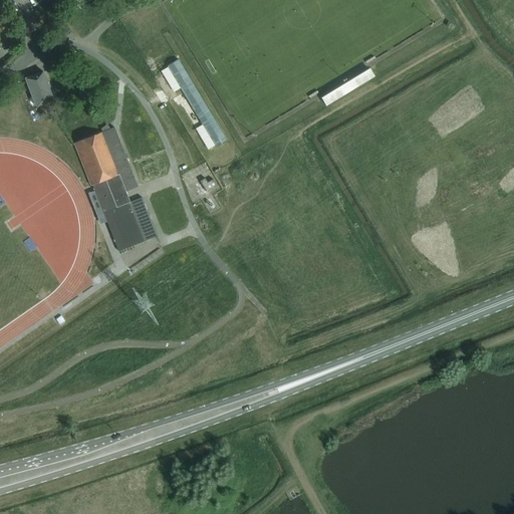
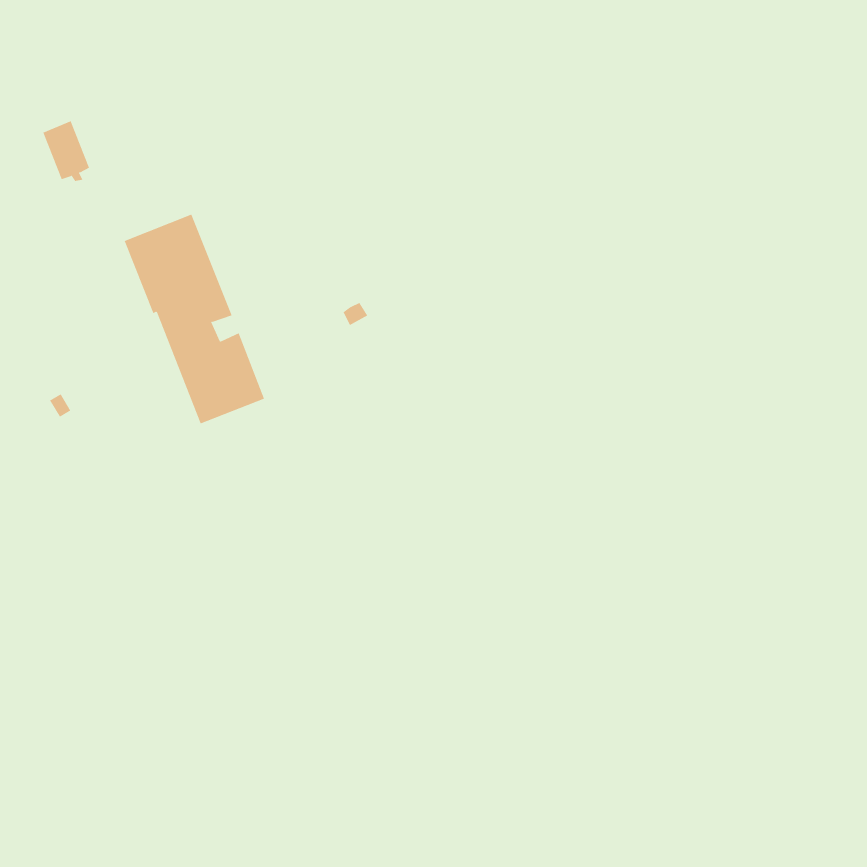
building: [159,58,222,148] -> none

